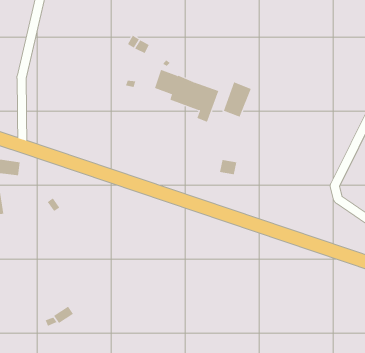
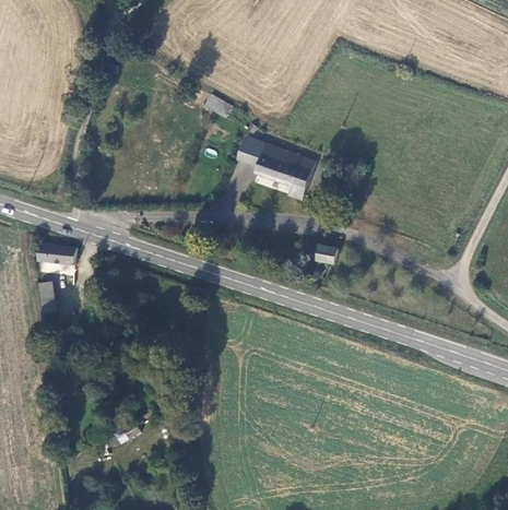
building: [223,82,251,117] -> none

